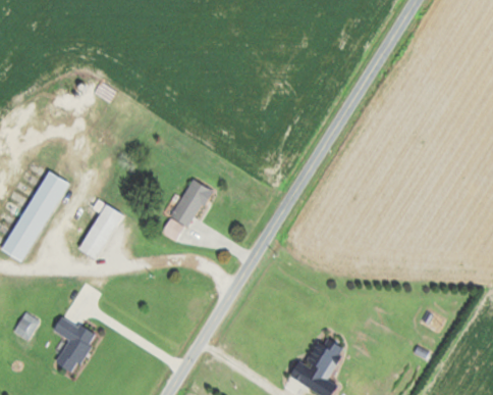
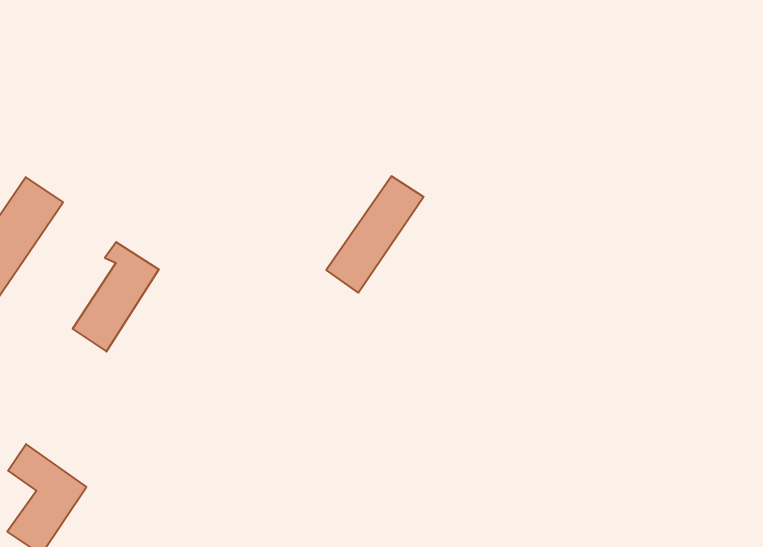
building: [162,180,210,244] -> [326,176,424,293]

